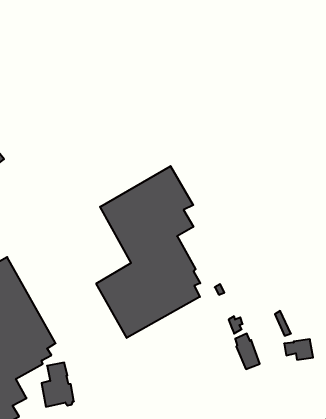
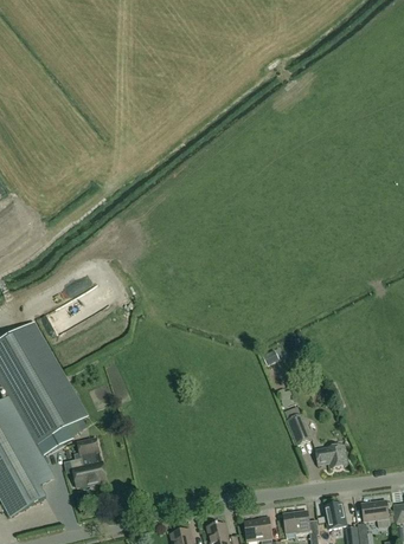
building: [96,166,200,338] -> none
building: [284,339,313,360] -> [315,445,347,467]

